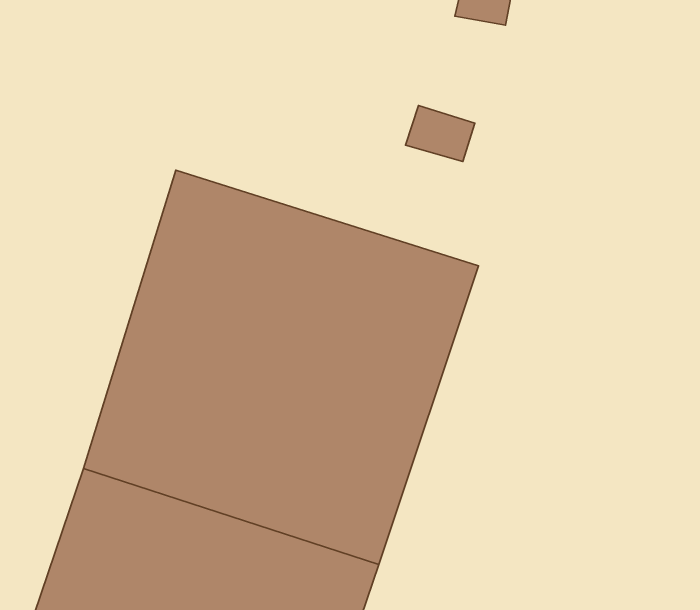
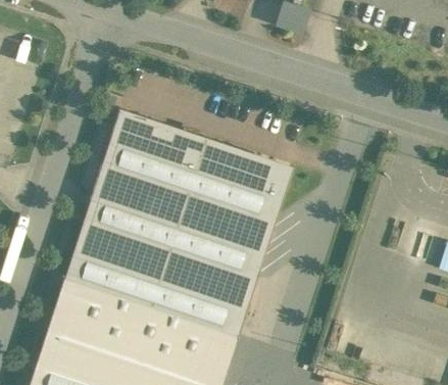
building: [406,106,475,162] -> none

